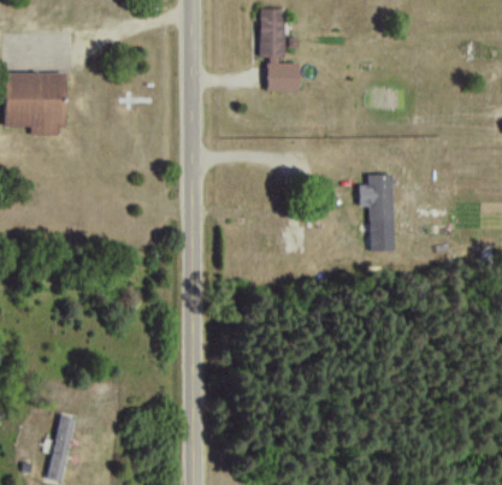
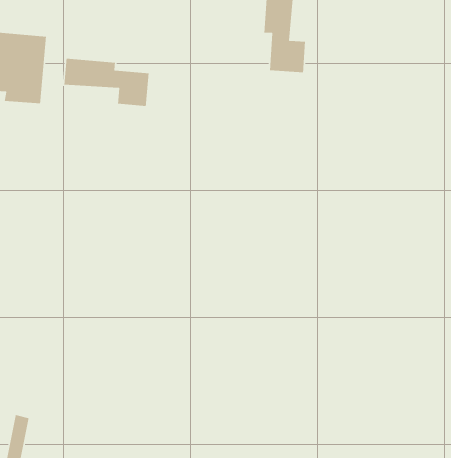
building: none -> [63,58,149,107]
building: [360,173,395,250] -> none

